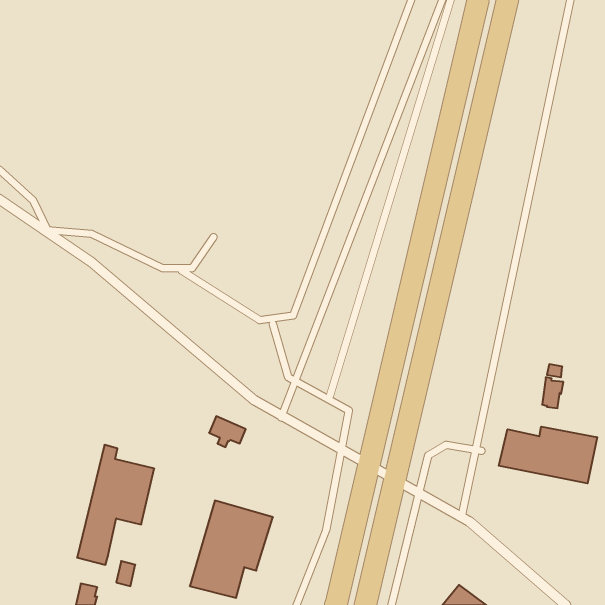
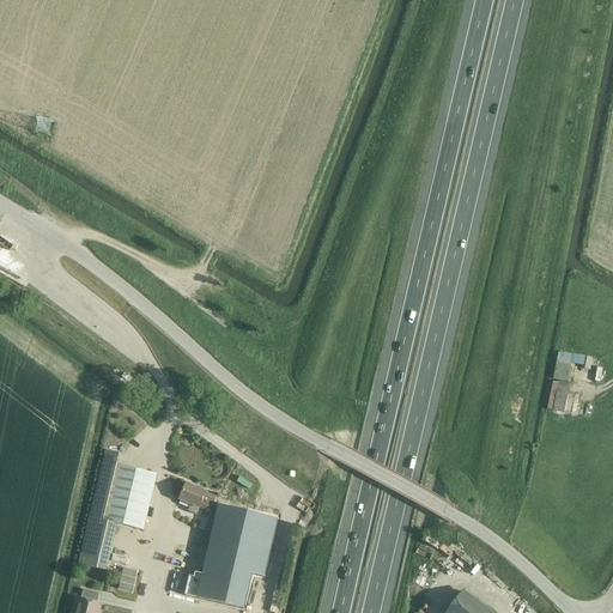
building: [209,416,246,447] -> [178,482,216,514]
building: [499,427,597,483] -> none

